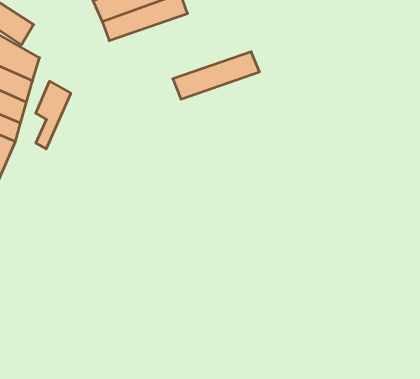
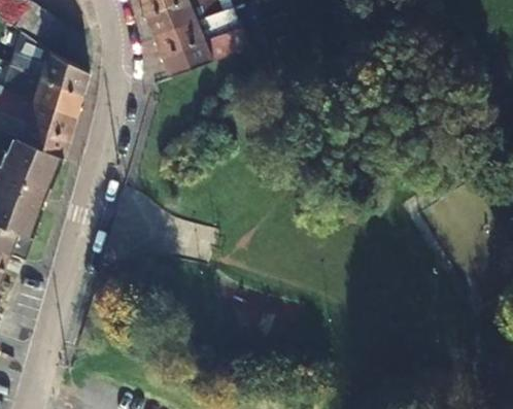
building: [173,52,259,99] -> [159,26,247,74]
building: [36,81,71,149] -> none

